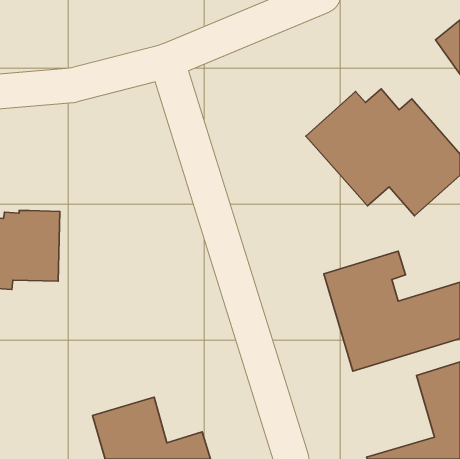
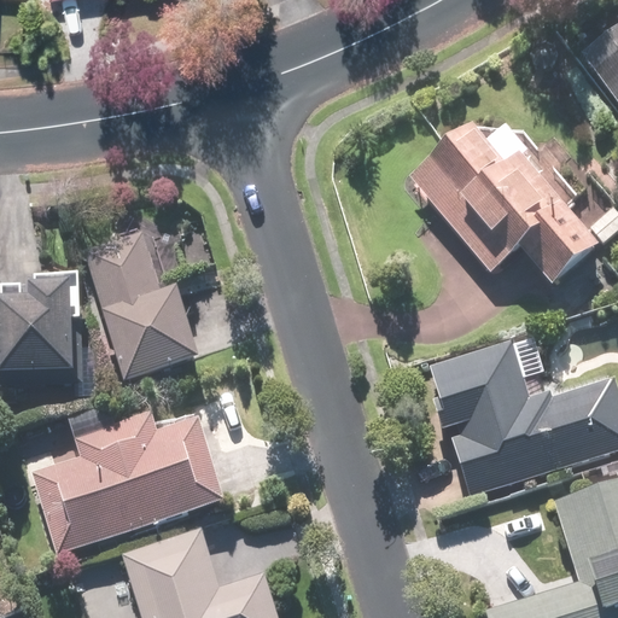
building: none -> [82,232,204,381]
building: none -> [30,409,228,553]

